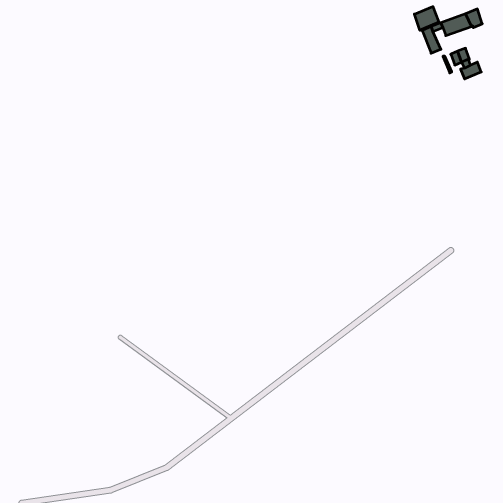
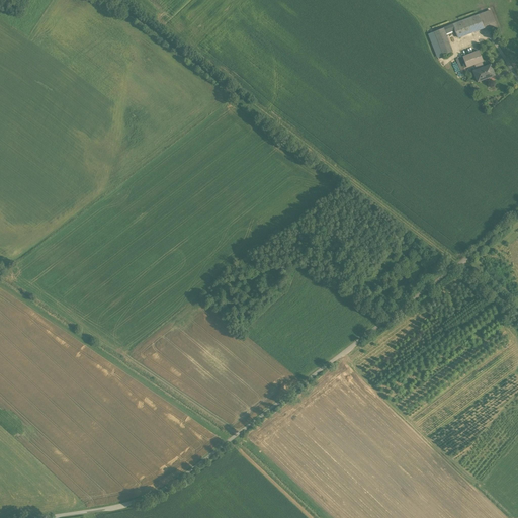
building: [414,7,439,30] -> none

